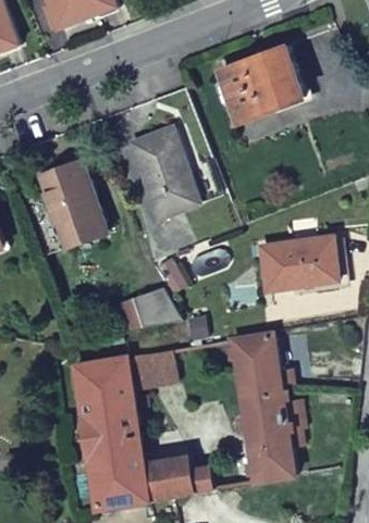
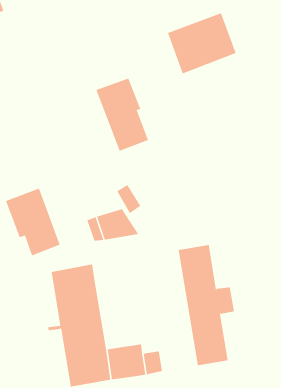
building: [38,160,107,245] -> [5,188,60,256]
building: [259,236,339,290] -> none
building: [126,350,172,384] -> none

